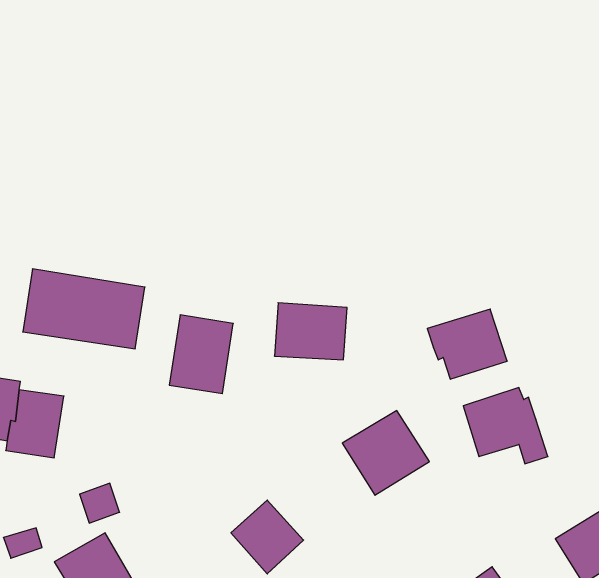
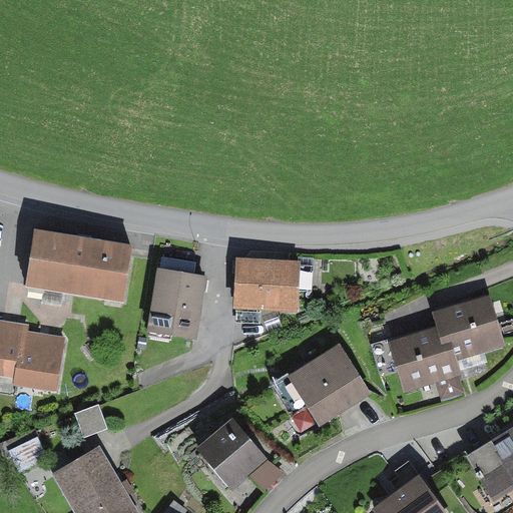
building: [427,309,507,379] -> [434,298,500,356]

